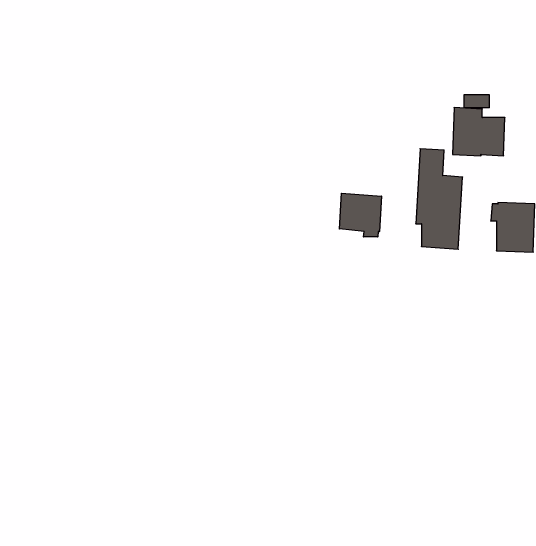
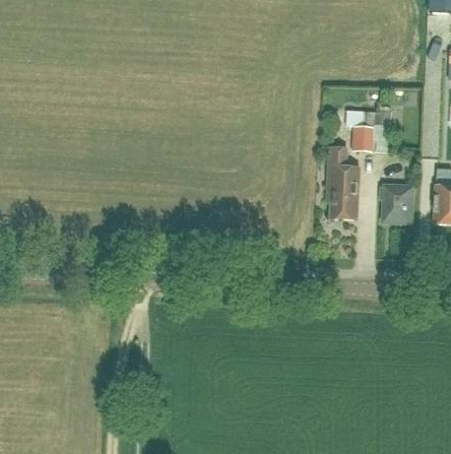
building: [339,193,381,237] -> none

